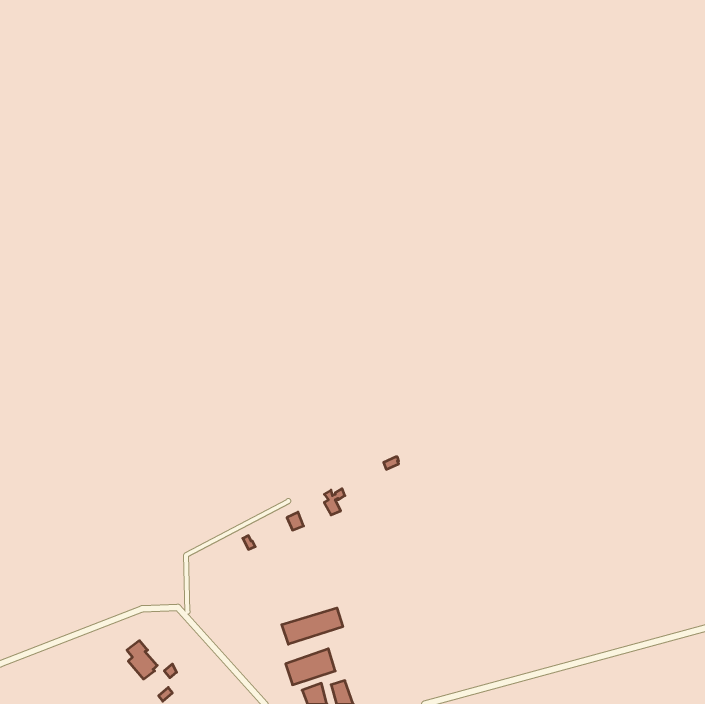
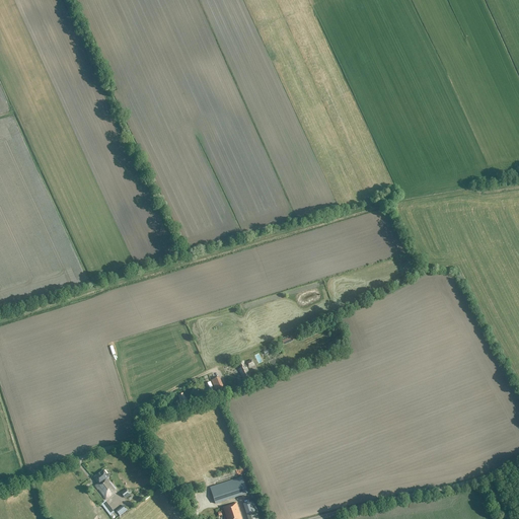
building: [282,608,343,644] -> none

